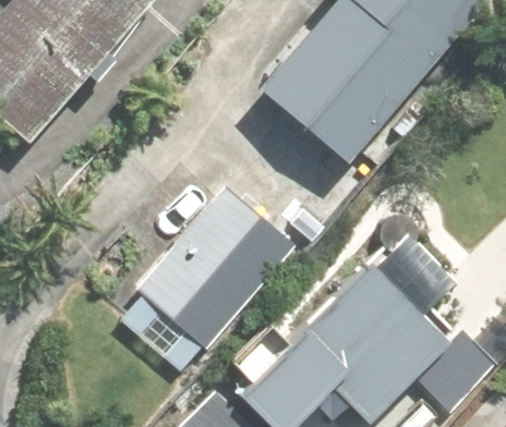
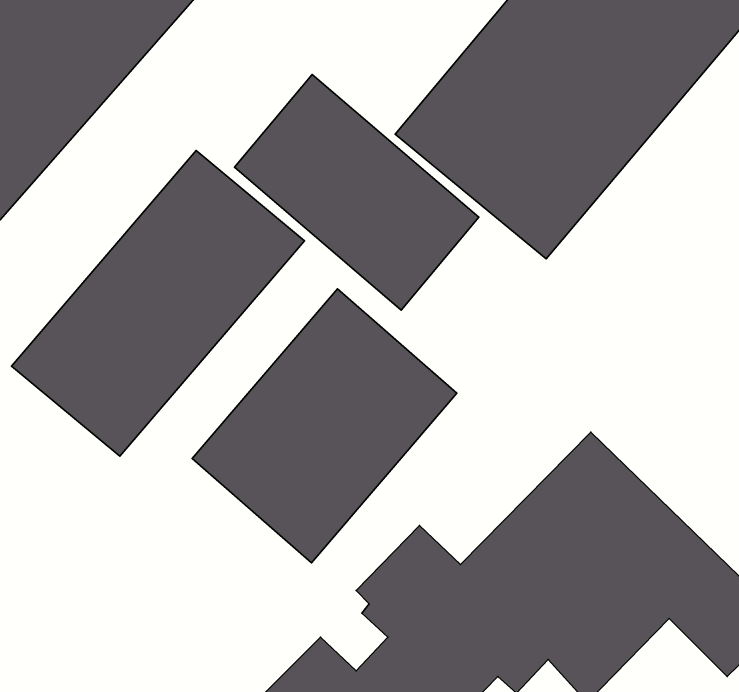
building: none -> [234,74,479,310]
building: none -> [11,151,304,456]

